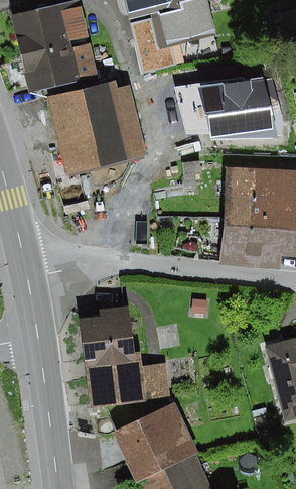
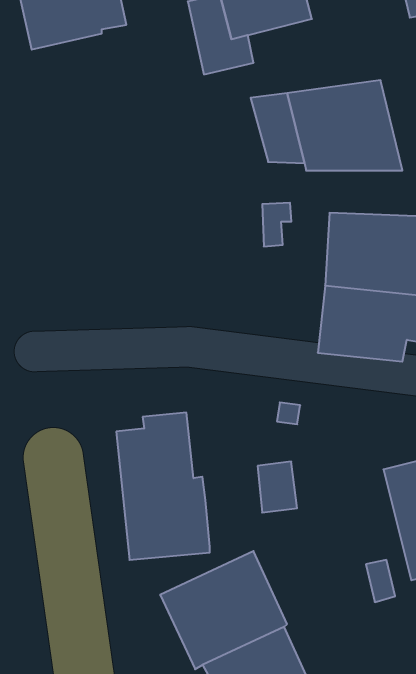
building: [22,43,98,91] -> none
building: [48,81,146,175] -> none
building: [142,363,169,398] -> [258,462,297,513]

